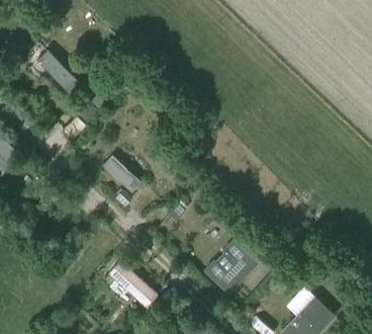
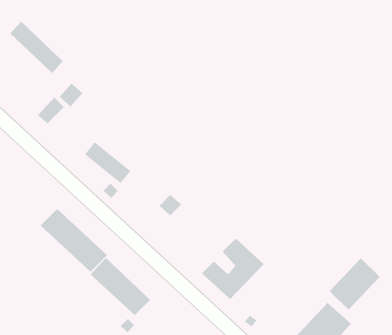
building: none -> [40,208,108,273]
building: none -> [329,258,380,311]

